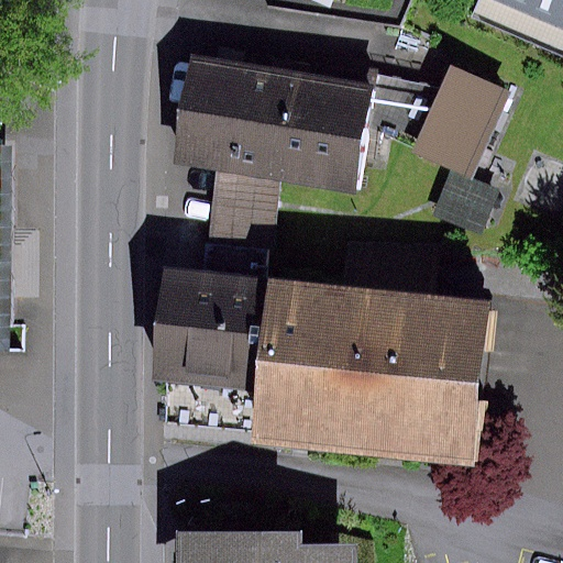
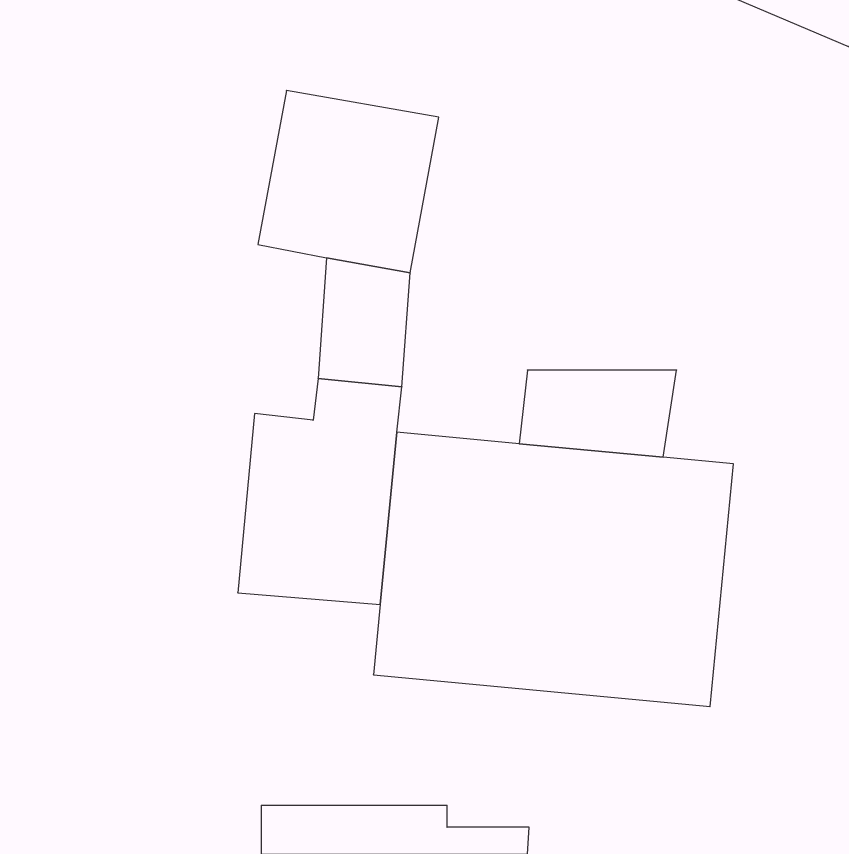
building: [412,65,510,179] -> none
building: [274,77,373,194] -> none

